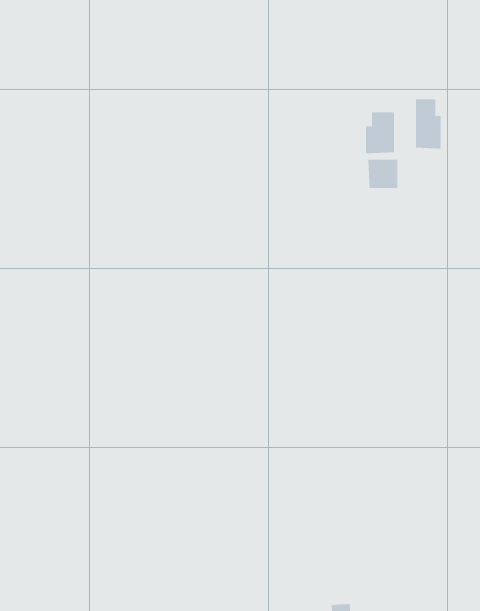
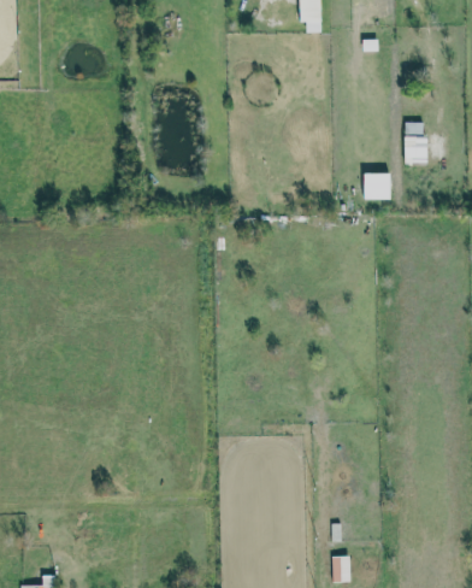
building: [365,111,394,154] -> none

